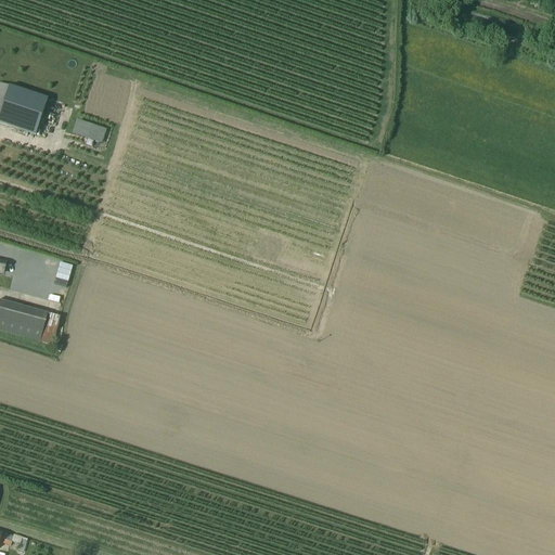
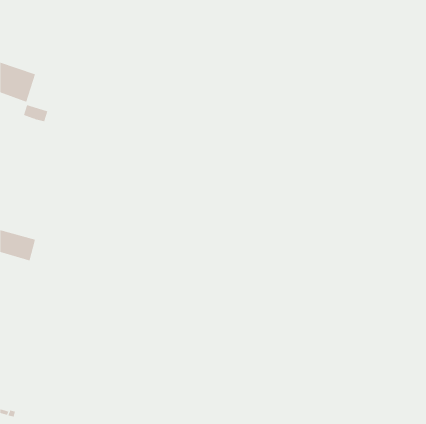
building: [72,118,104,141] -> [23,104,48,122]

